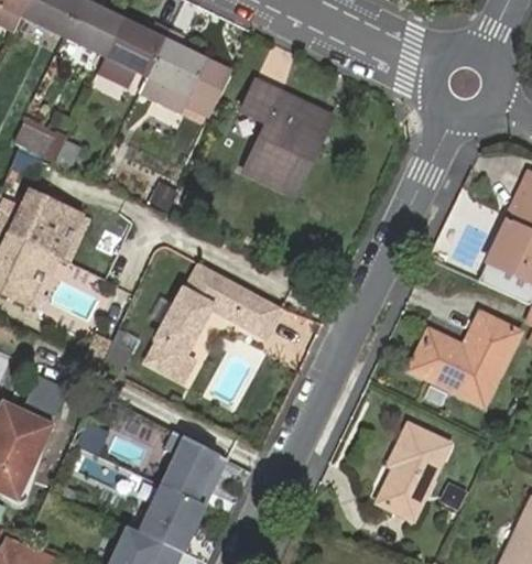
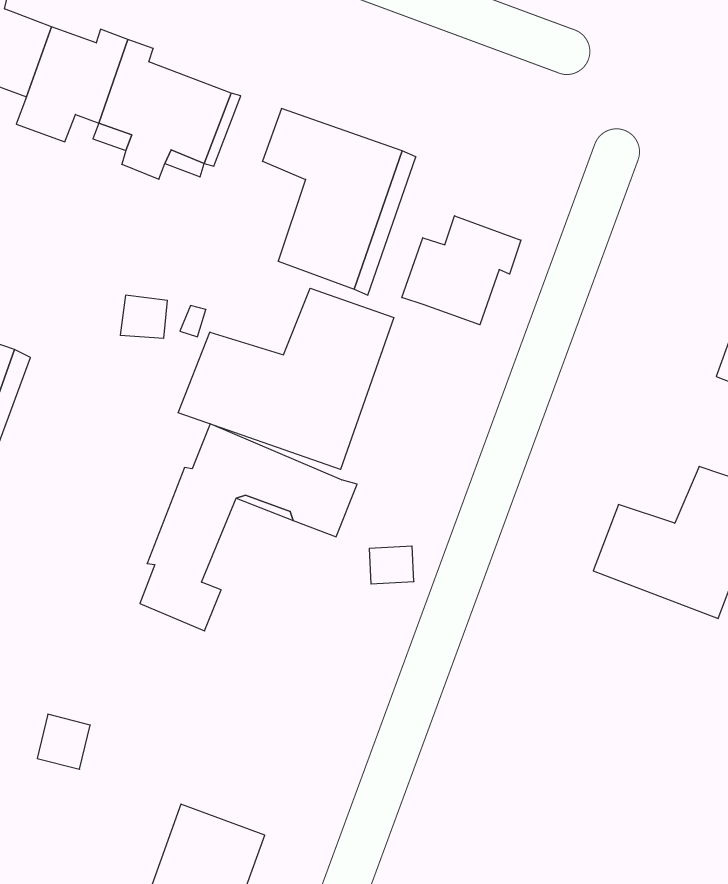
building: none -> [402,216,521,325]
building: none -> [178,288,394,469]
building: [377,426,448,521] -> none
building: [155,431,225,506] -> none

